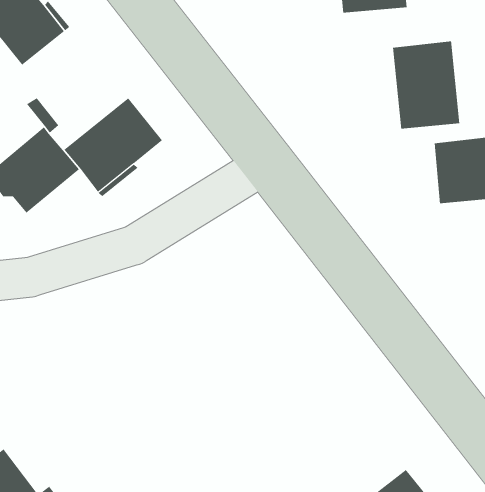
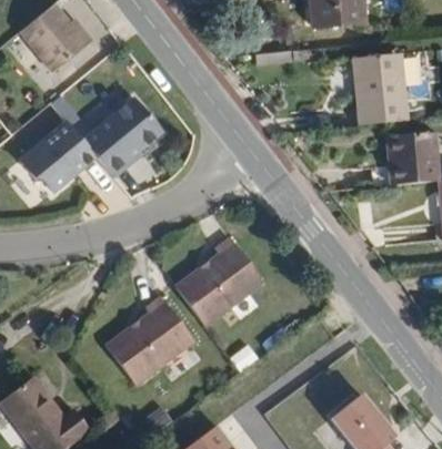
building: none -> [177,248,263,336]
building: none -> [112,305,198,391]

